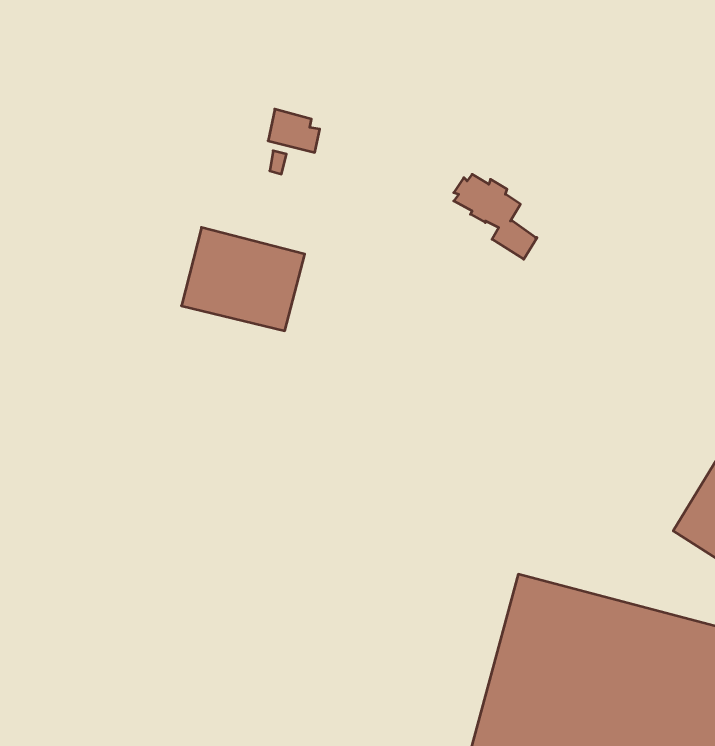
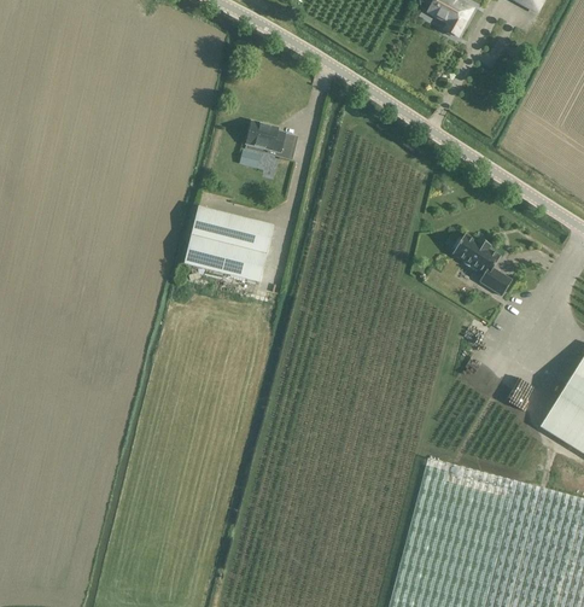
building: [454,174,537,259] -> [452,235,513,297]

